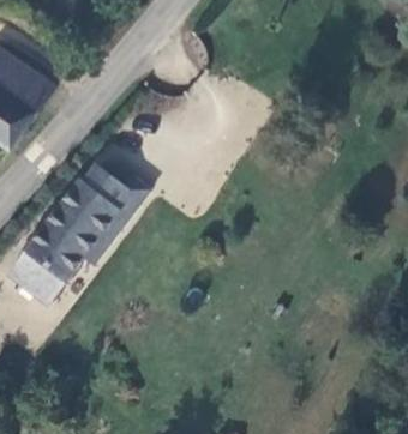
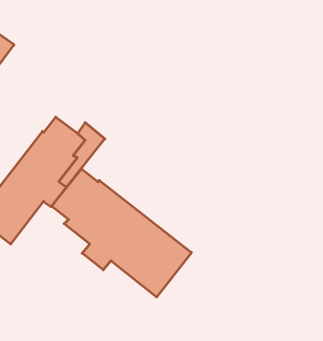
building: none -> [52,169,191,297]

